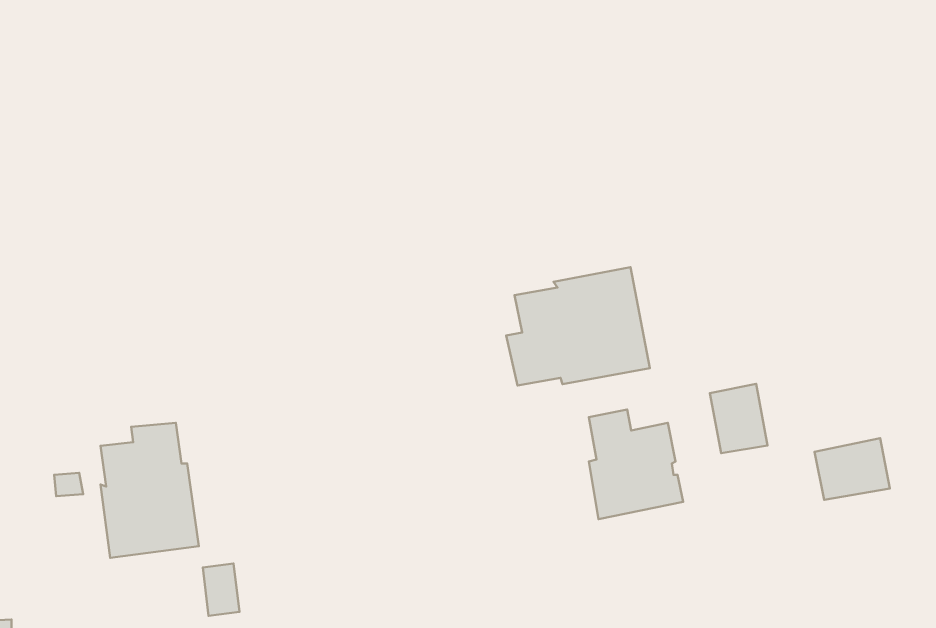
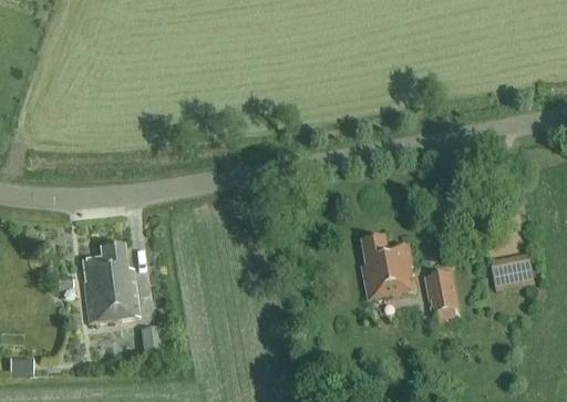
building: [506,267,650,385] -> none
building: [710,384,768,453] -> [425,272,458,312]

